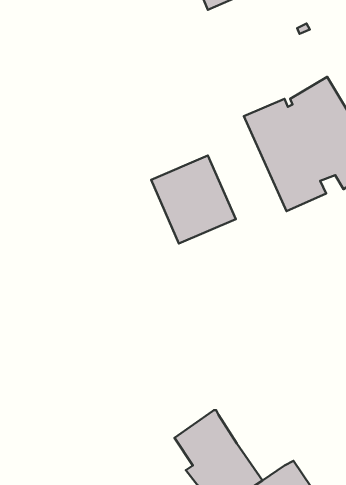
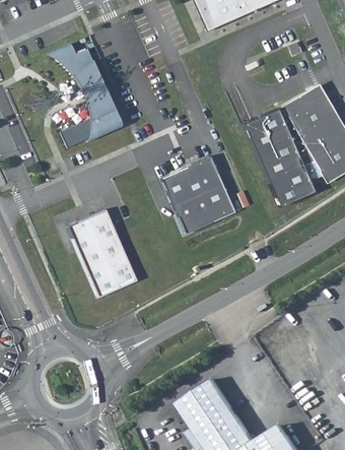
building: none -> [48,43,122,150]
building: none -> [67,209,137,298]

